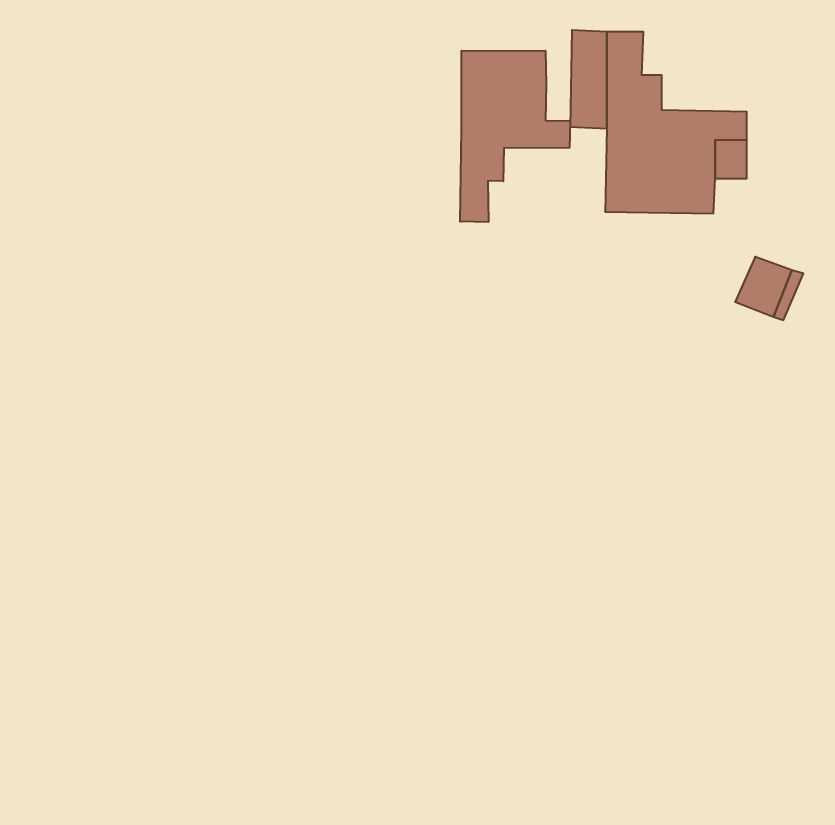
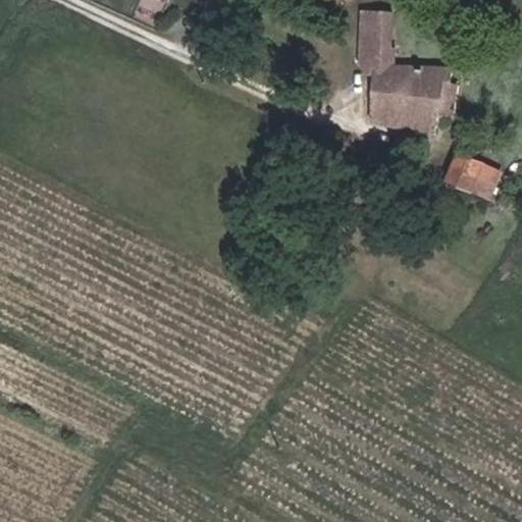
building: [460,51,570,222] -> none

